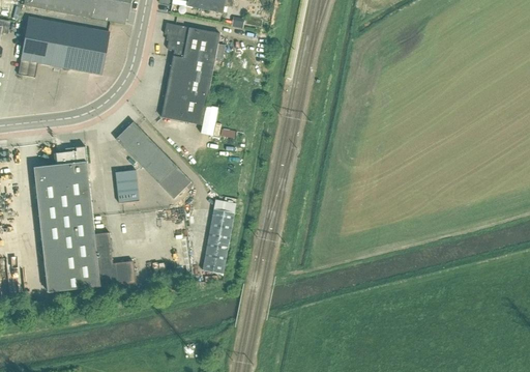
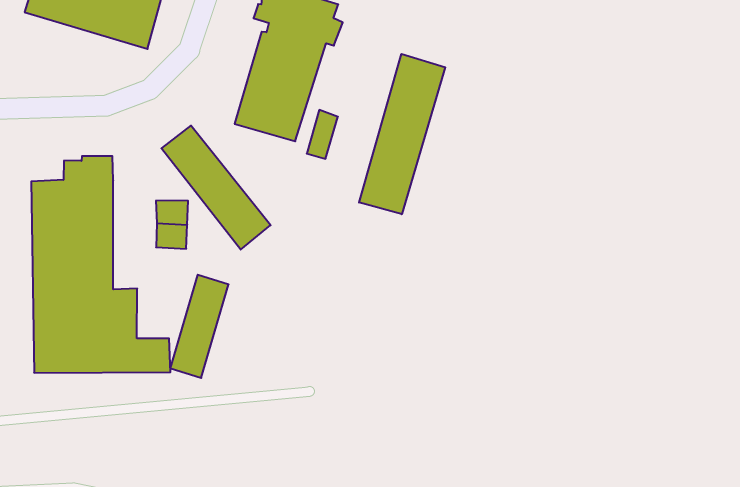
building: none -> [359,54,445,214]
building: [201,206,233,273] -> [170,275,229,378]

